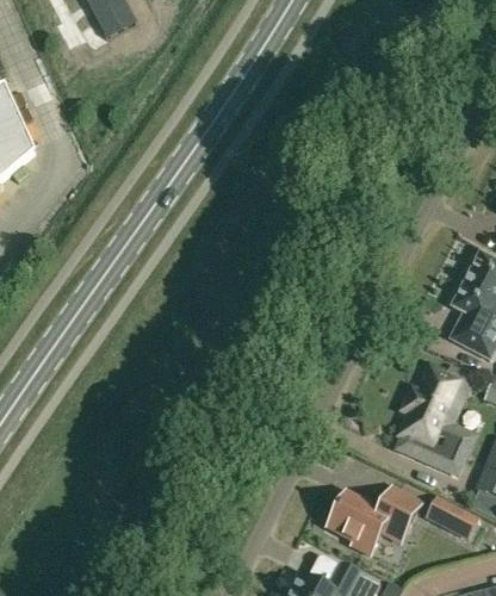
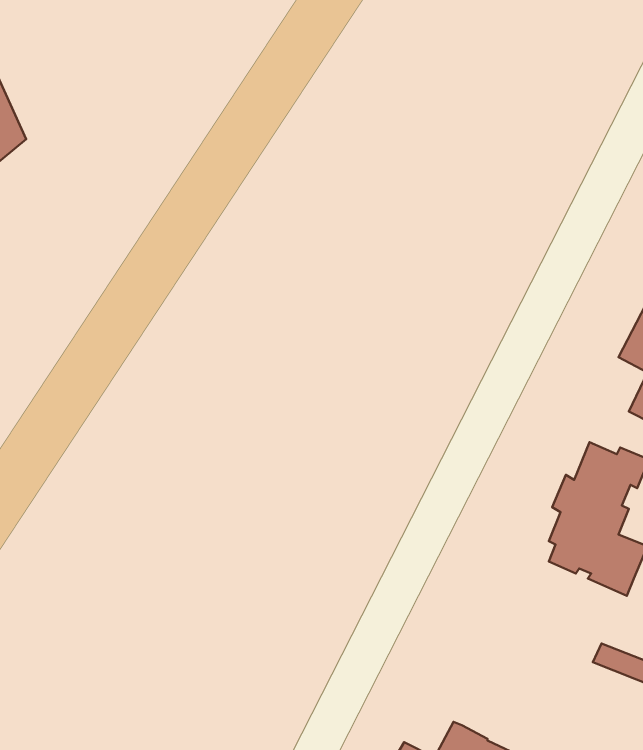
building: [328,485,423,554] -> none

